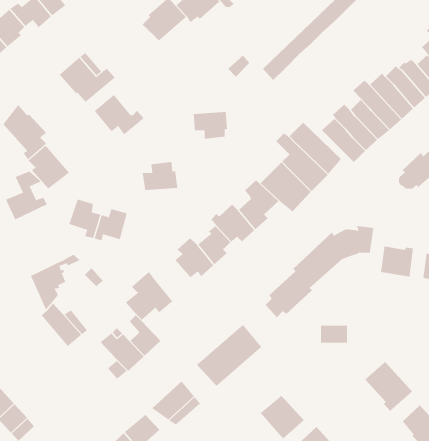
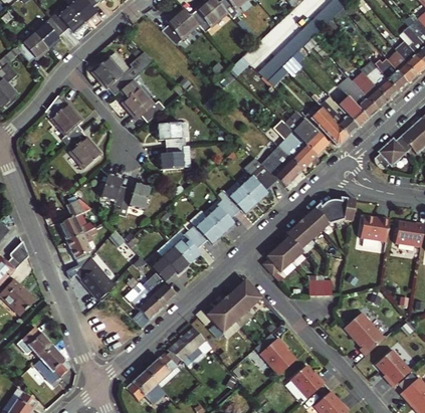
building: [193,112,228,139] -> [159,124,188,147]
building: [5,171,47,220] -> [59,199,94,240]
building: none -> [173,227,201,261]

